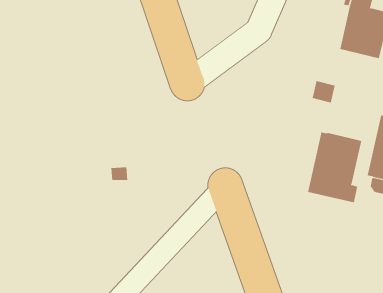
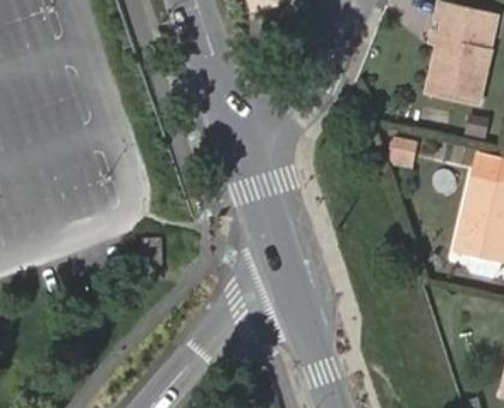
building: [307,131,362,203] -> none

